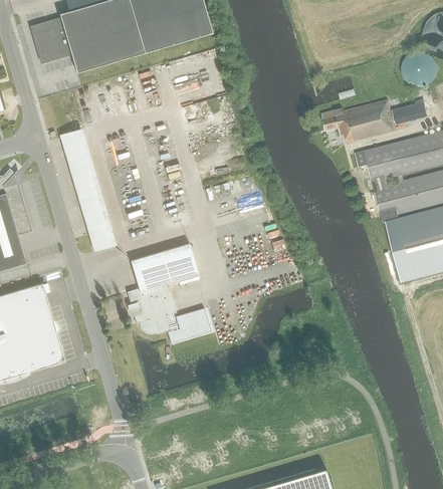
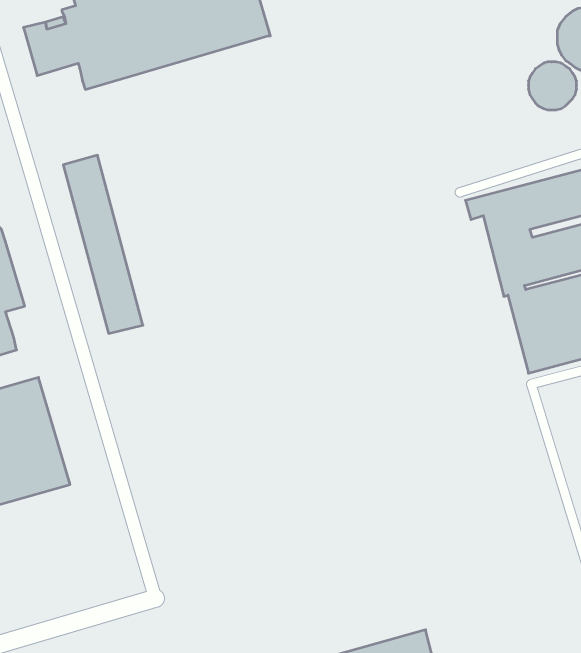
building: [321,101,427,145] -> none
building: [127,244,211,344] -> none

